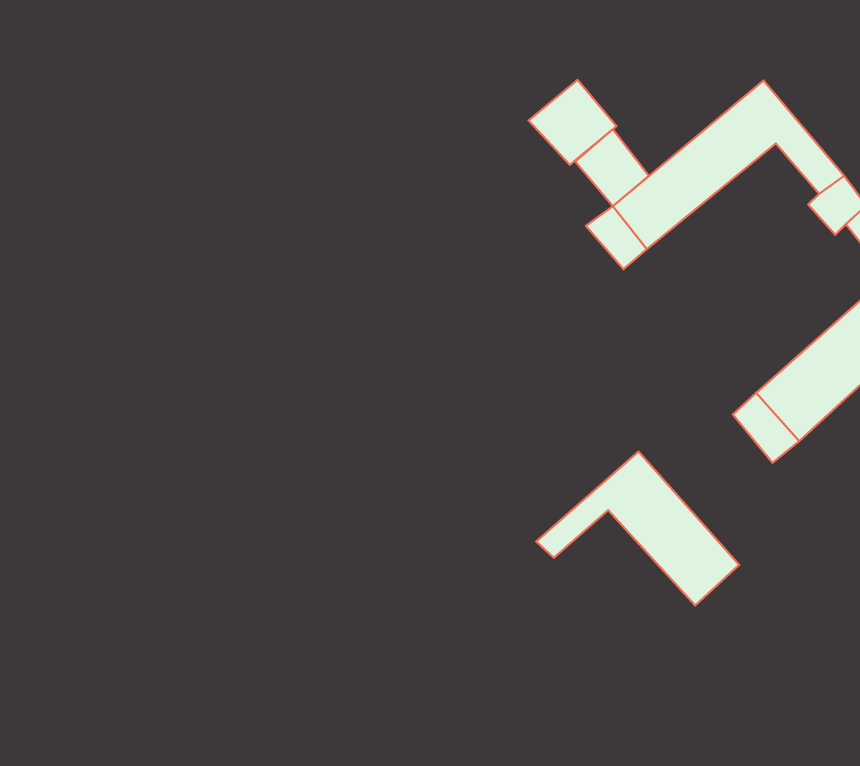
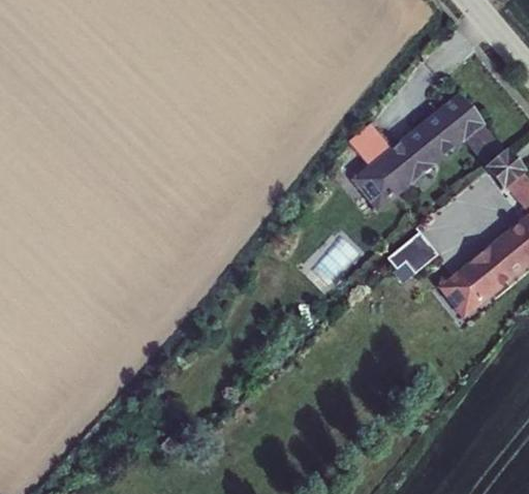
building: [528,80,616,165] -> none
building: none -> [387,227,438,270]
building: [536,452,739,606] -> none

